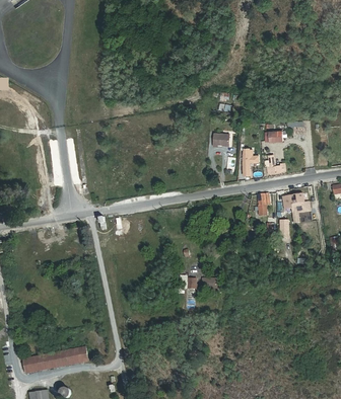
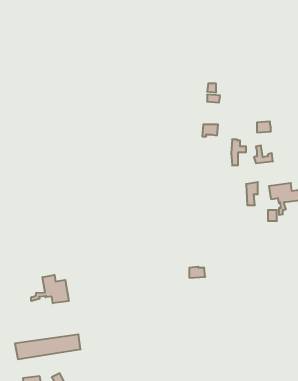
building: none -> [31,275,69,303]

